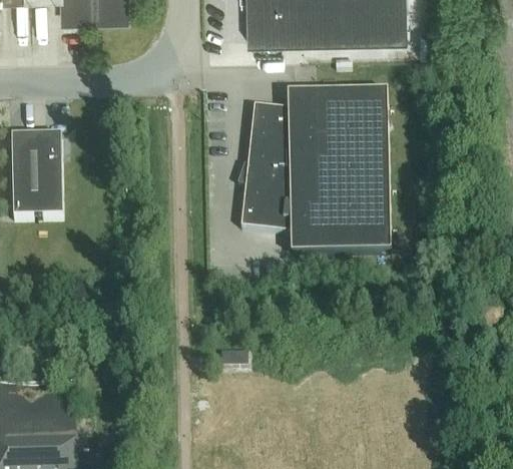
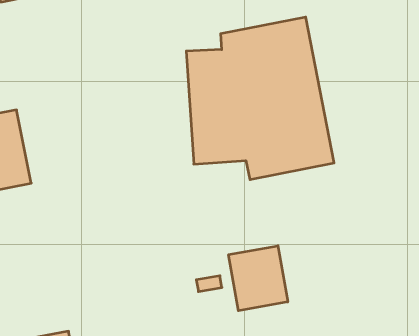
building: none -> [229,246,288,311]

